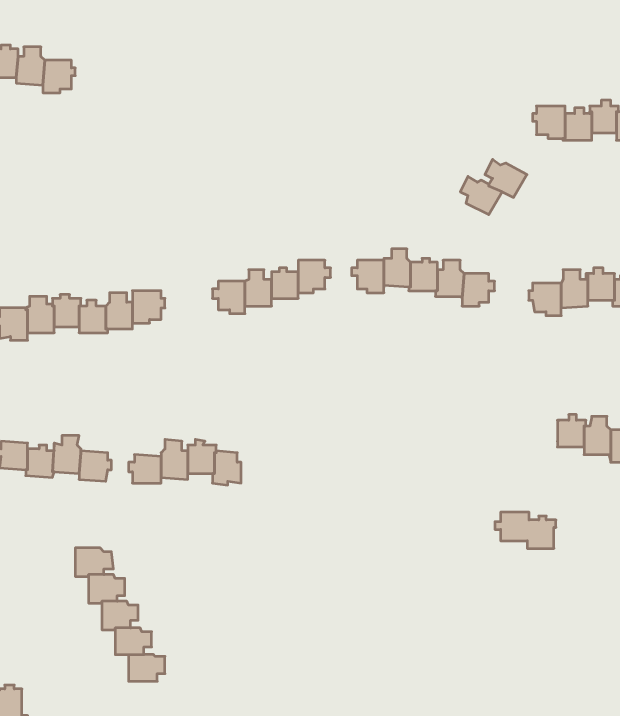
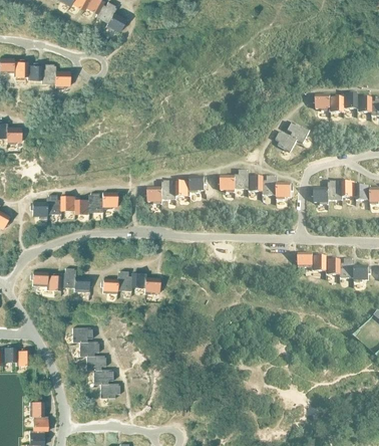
building: [495,512,556,548] -> [295,252,327,271]

